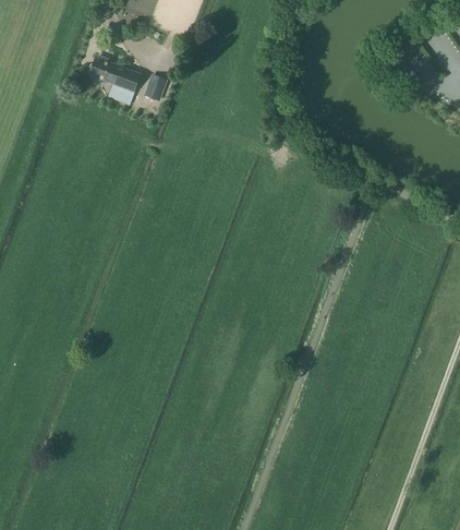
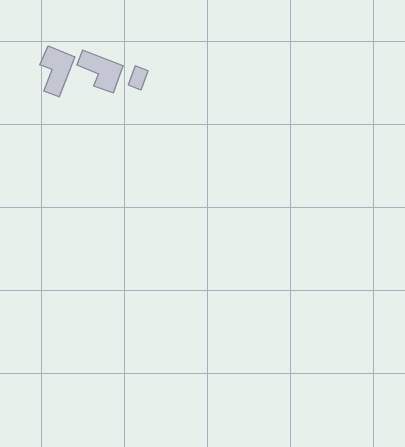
building: none -> [40,46,75,97]

